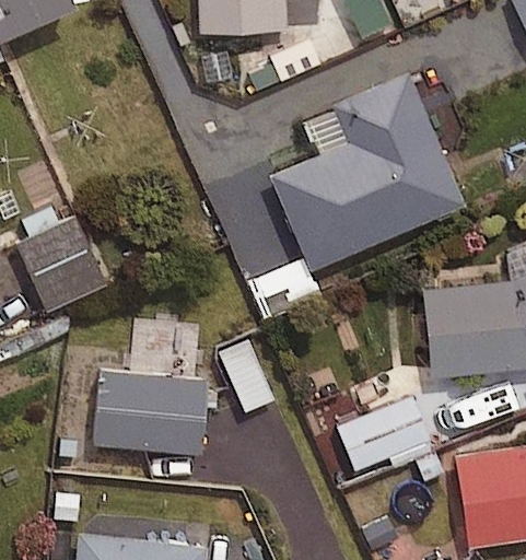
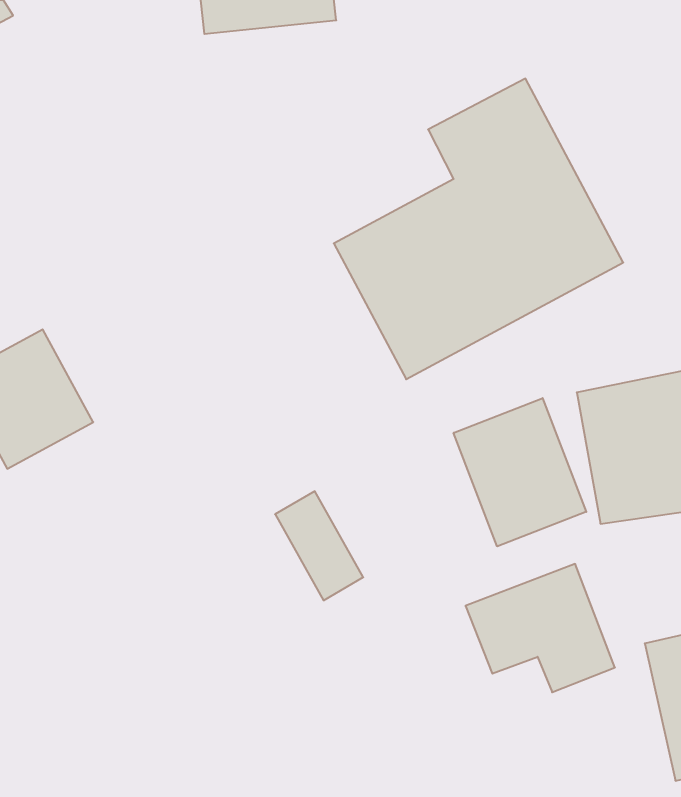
building: none -> [454,398,586,546]
building: [97,372,209,454] -> none

